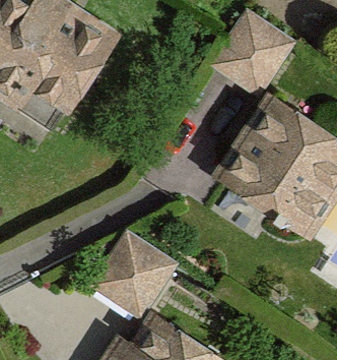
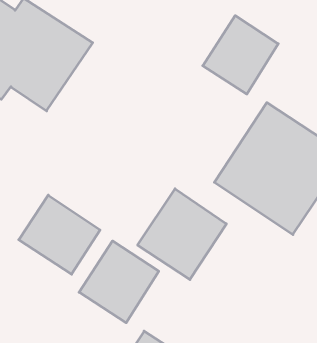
building: none -> [138,189,226,280]
building: none -> [19,195,100,274]

